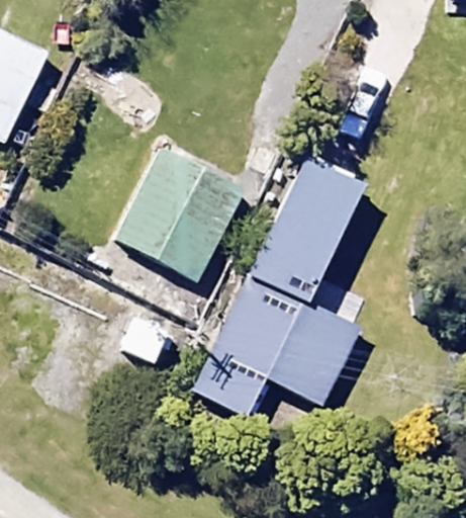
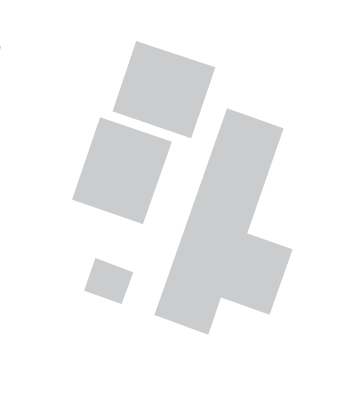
building: none -> [112,40,216,139]

